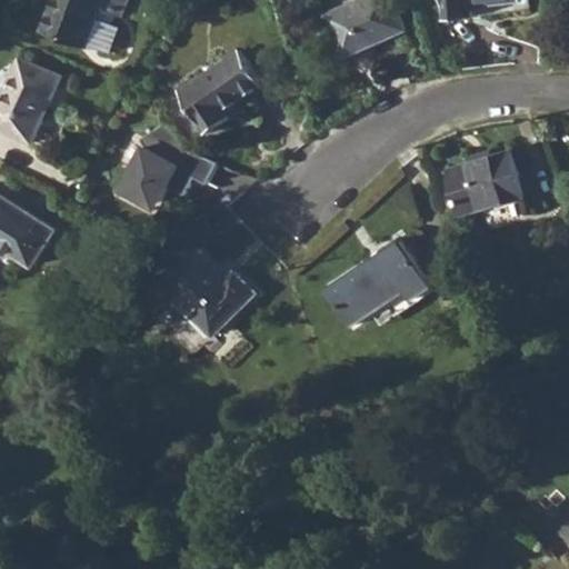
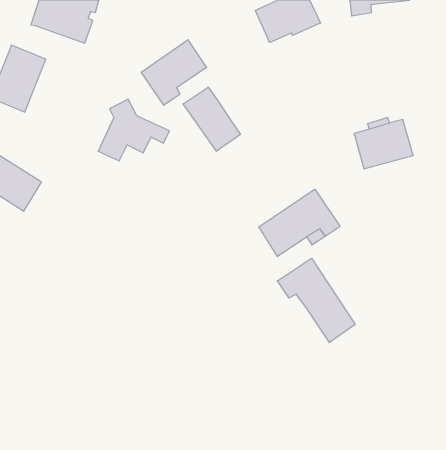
building: none -> [183,87,240,151]
building: [161,251,254,336] -> none
building: none -> [277,258,355,343]

